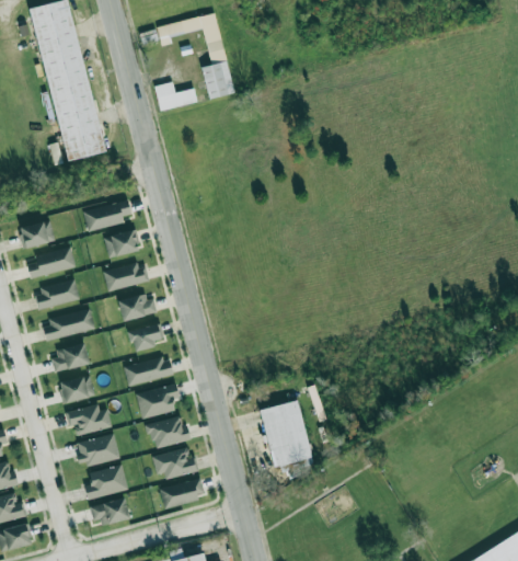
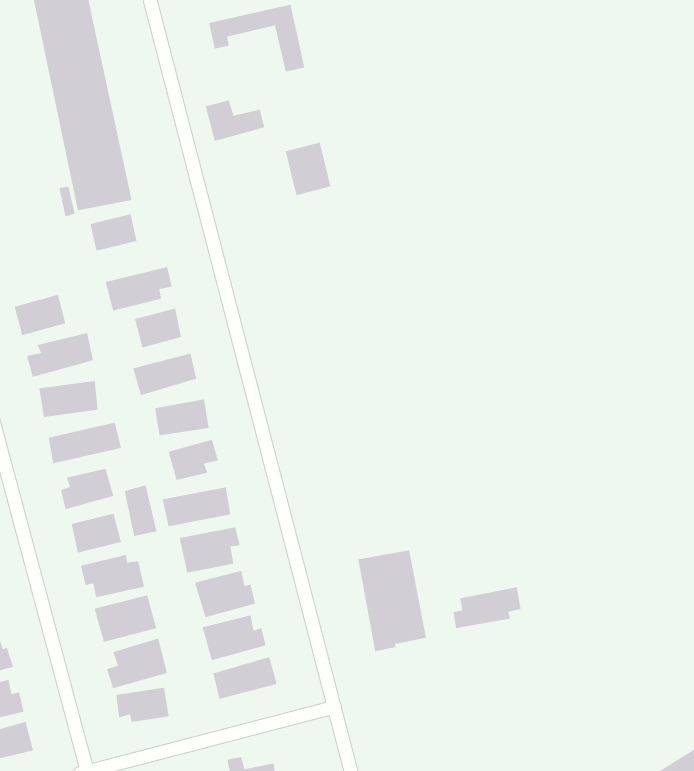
building: [202,60,234,99] -> [285,142,331,196]
building: none -> [90,214,137,252]
building: none -> [124,485,157,537]
building: none -> [453,587,521,629]

